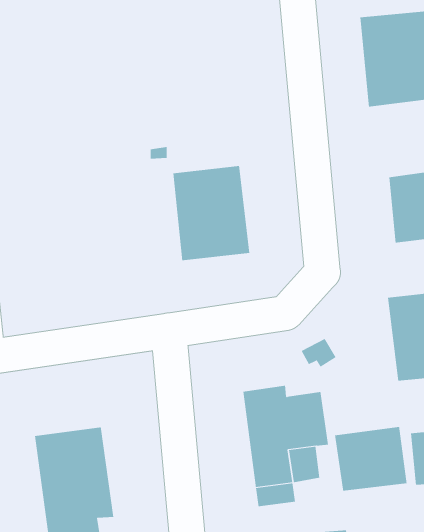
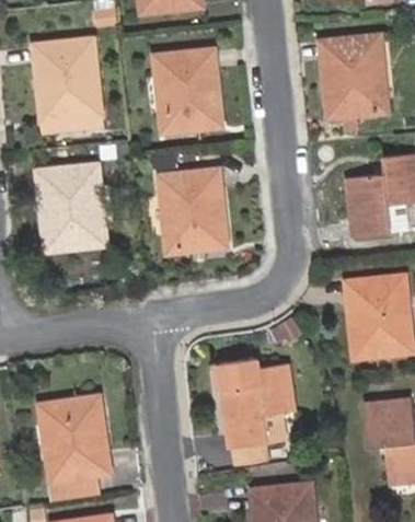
building: none -> [35,39,102,132]
building: none -> [157,50,221,134]
building: none -> [38,165,106,248]
building: [334,426,407,491] -> none

